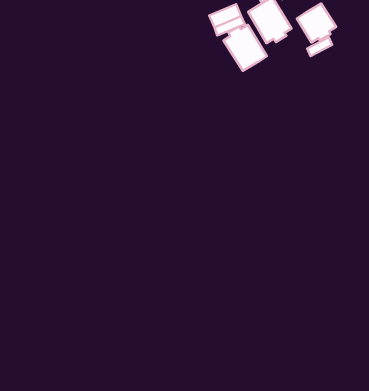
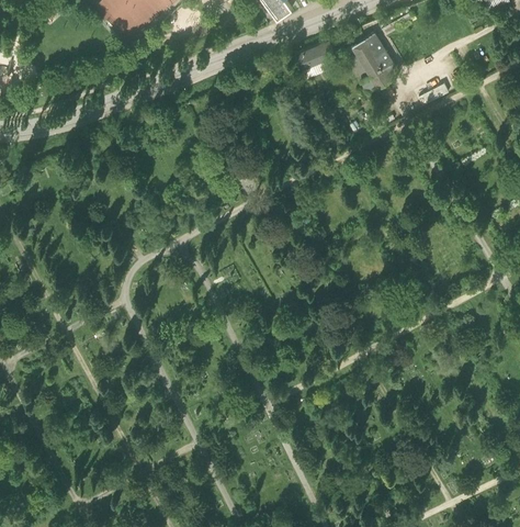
building: [297,3,336,42] -> none
building: [223,25,267,71] -> none

